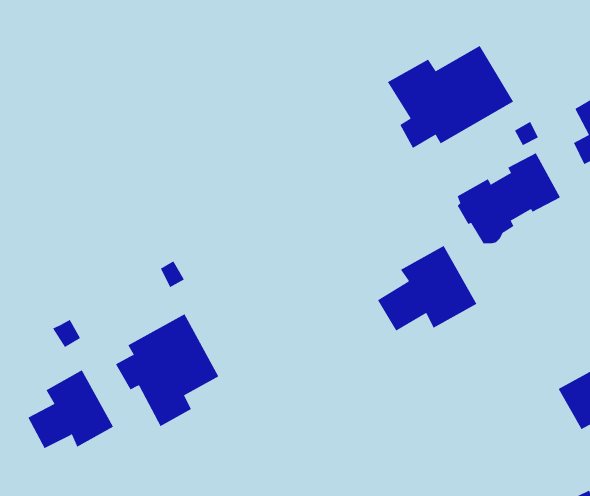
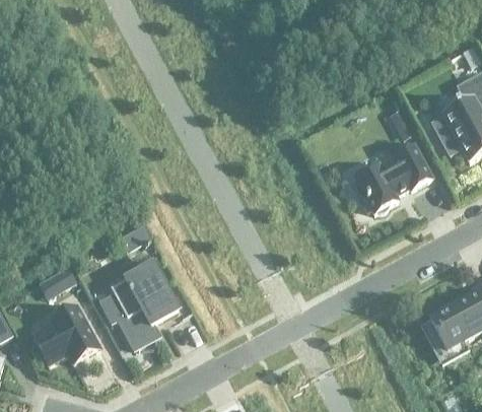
building: [387,45,514,149] -> none
building: [377,245,477,331] -> none

